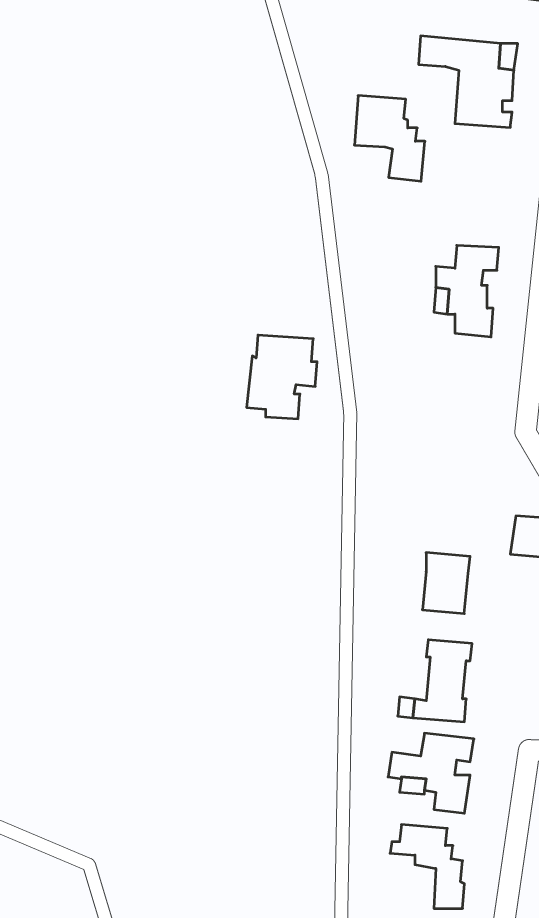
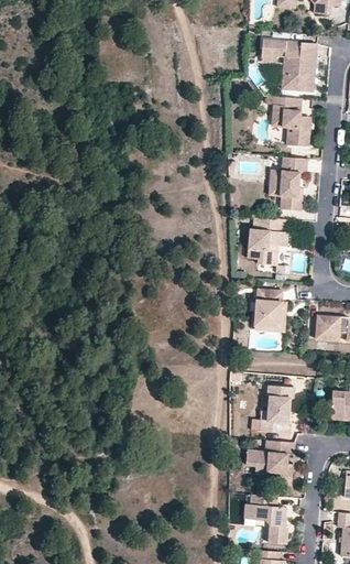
building: [354,96,425,181] -> [272,97,313,147]
building: [247,335,317,419] -> [249,218,289,267]
building: [422,553,470,614] -> [256,292,284,327]

